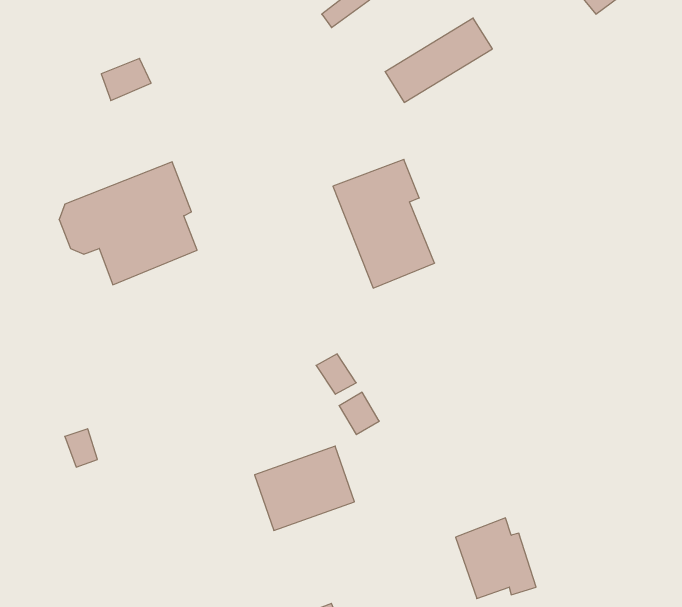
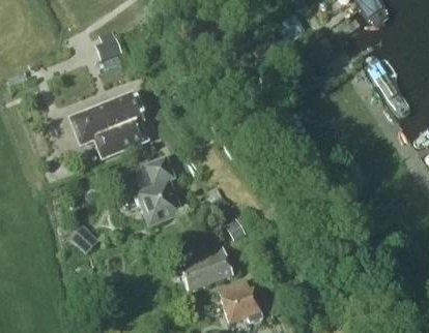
building: [333,159,435,288] -> [127,157,182,226]
building: [456,518,536,599] -> [220,279,263,323]

